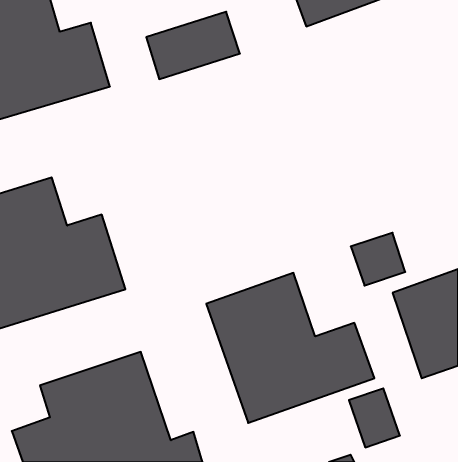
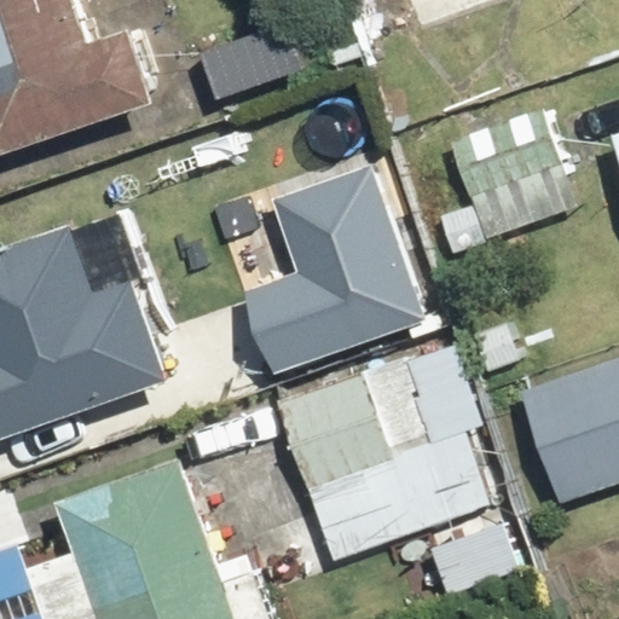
building: none -> [436,109,577,248]
building: none -> [241,167,422,360]

